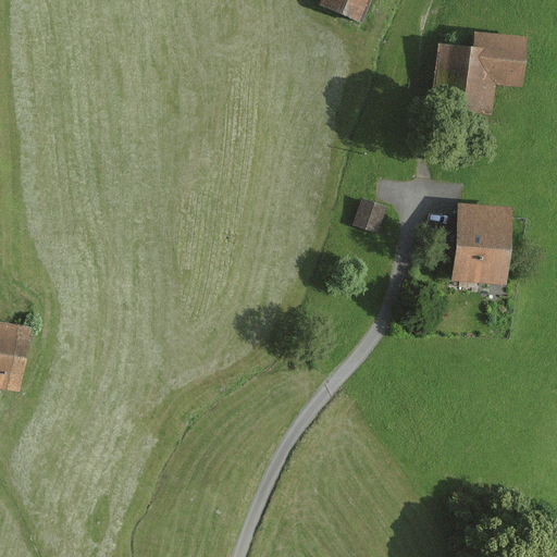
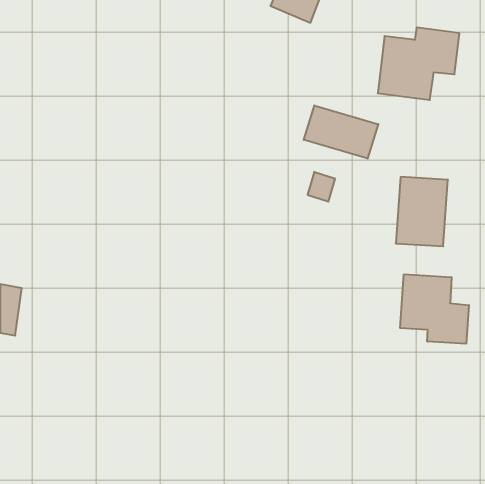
building: none -> [304,105,378,159]
building: none -> [400,274,469,344]

